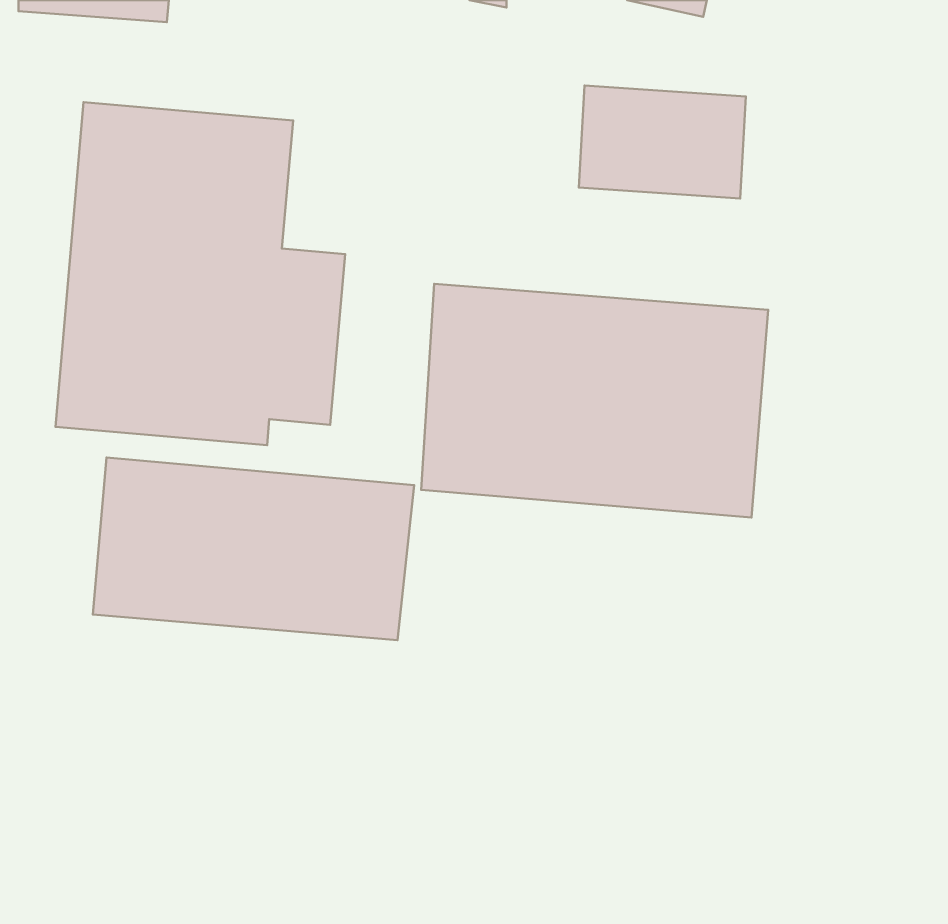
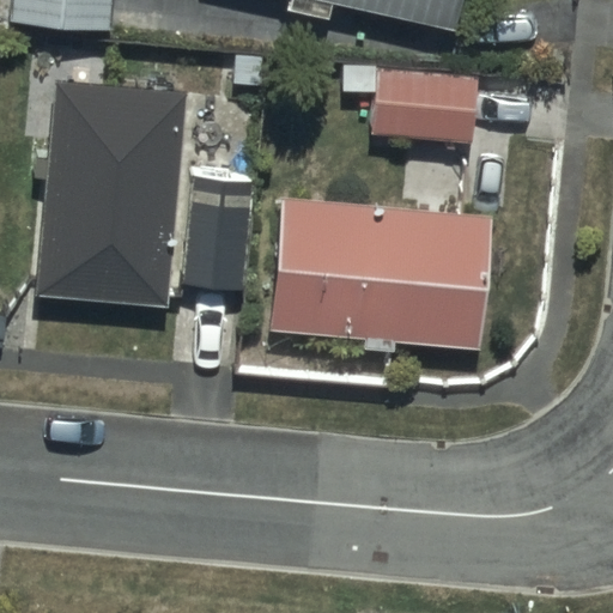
building: [93,458,414,640] -> none

